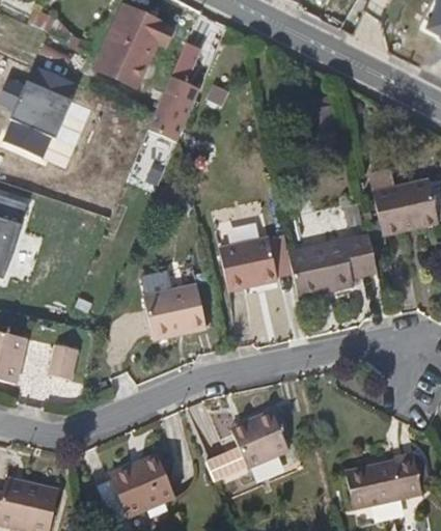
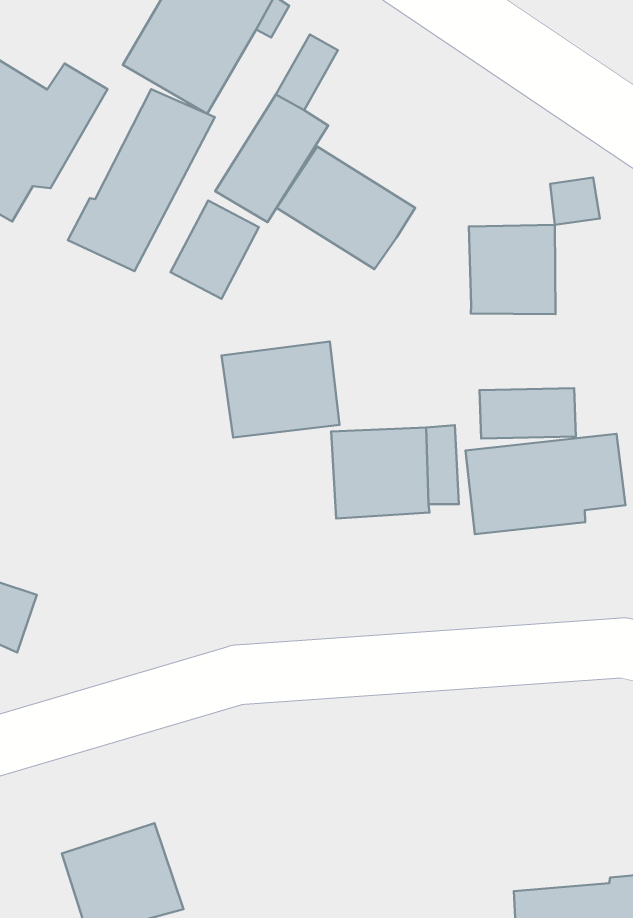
building: none -> [68,89,215,271]
building: none -> [277,146,415,269]
building: none -> [469,225,555,314]
building: [147,281,213,337] -> [222,341,339,438]
building: [204,412,290,483] -> none

